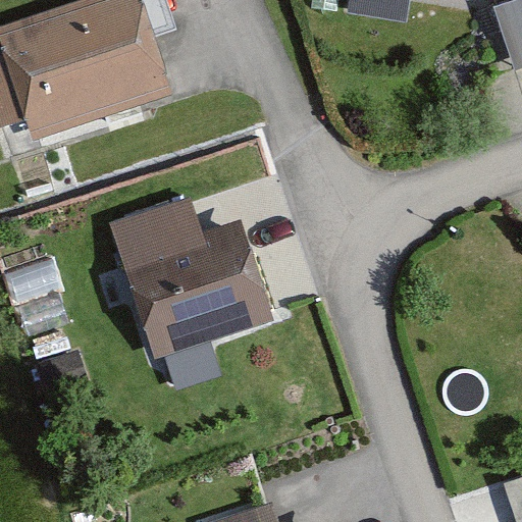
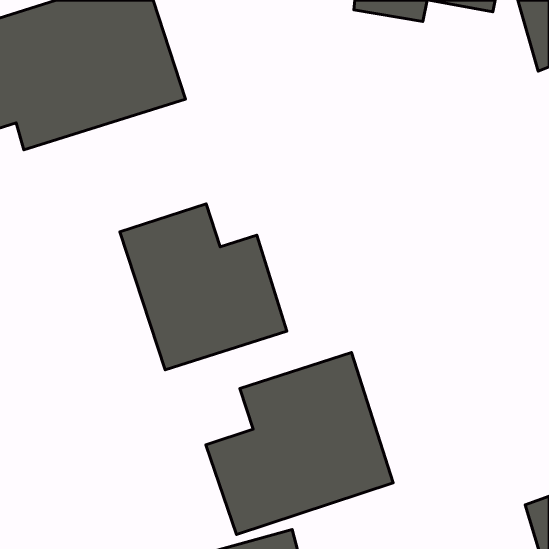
building: none -> [206,352,393,535]

